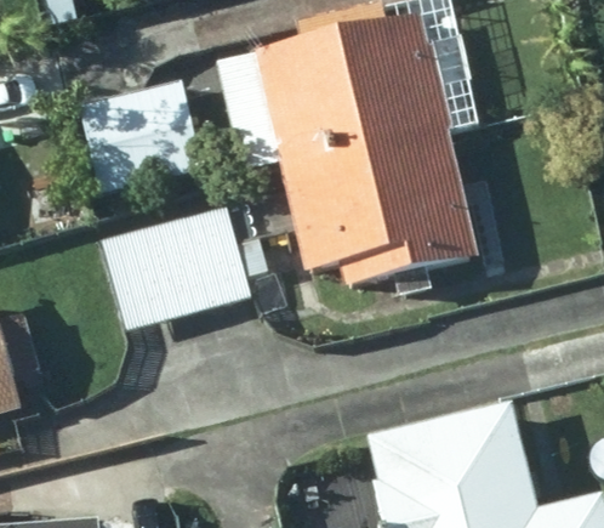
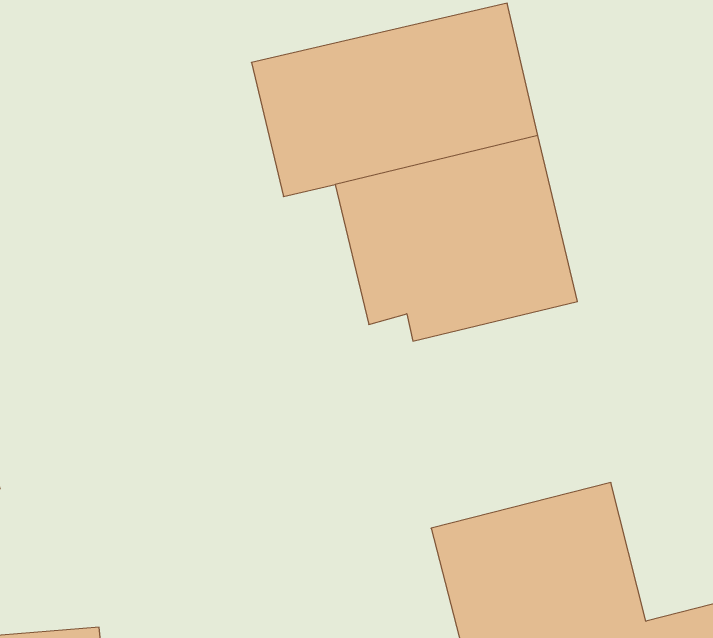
building: [78,78,201,186] -> none
building: [104,204,263,329] -> none

